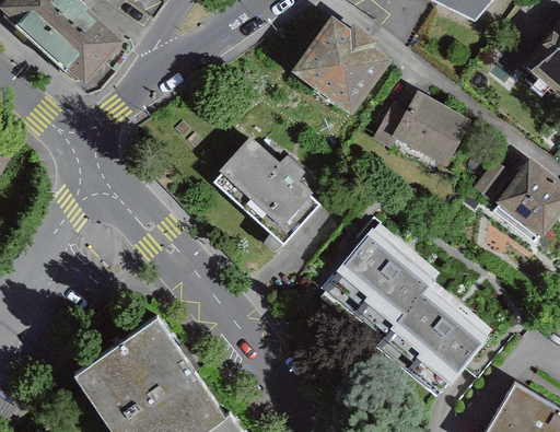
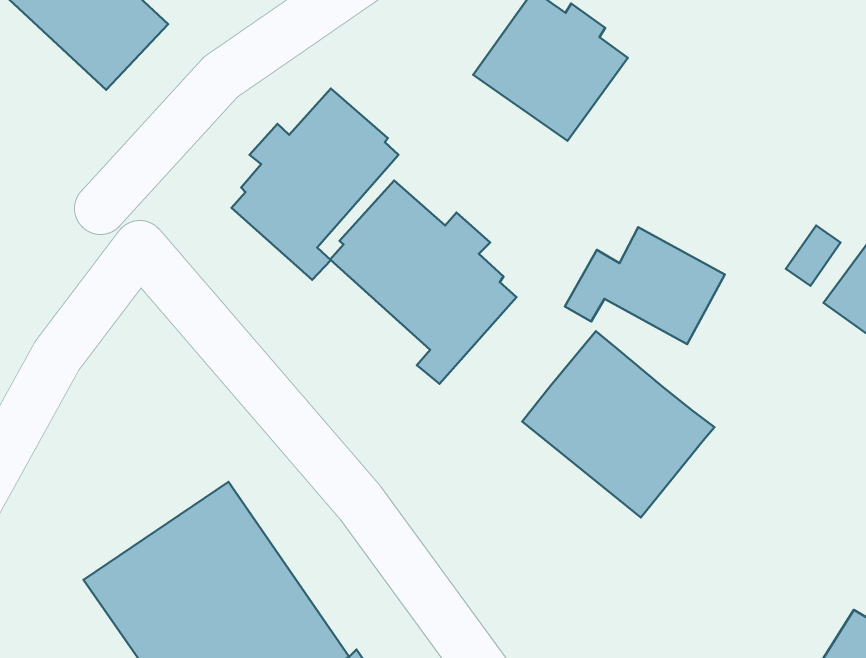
building: none -> [232,88,399,280]
building: [375,91,468,159] -> [565,227,725,344]
building: [384,285,495,394] -> none

